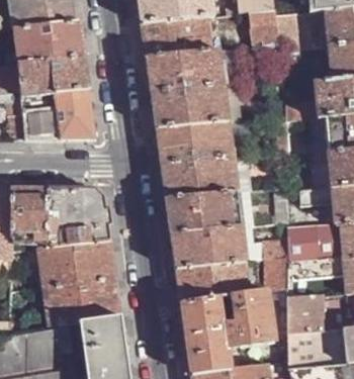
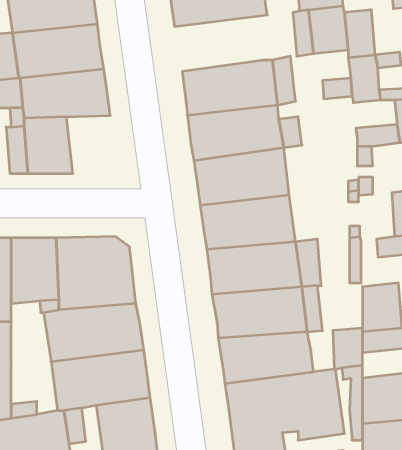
building: [142,17,211,61] -> none
building: [57,95,97,140] -> none

